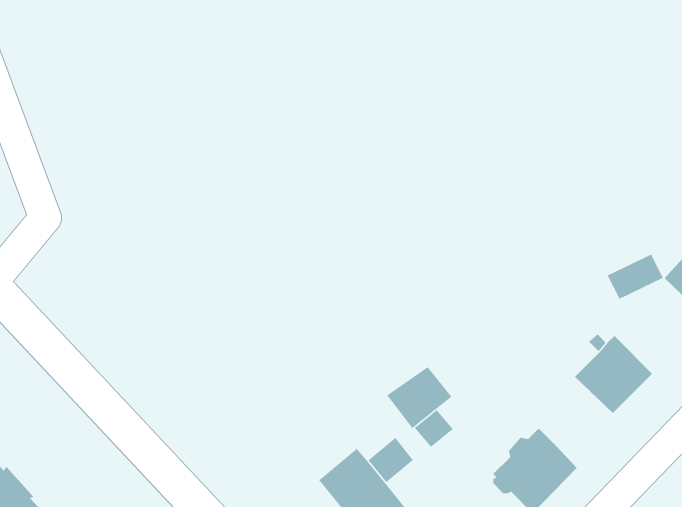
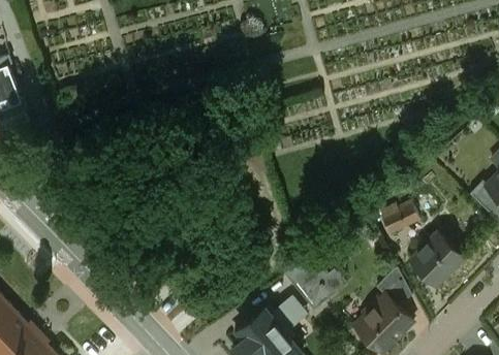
building: [607,253,664,300] -> [381,203,419,234]
building: none -> [376,268,412,306]

